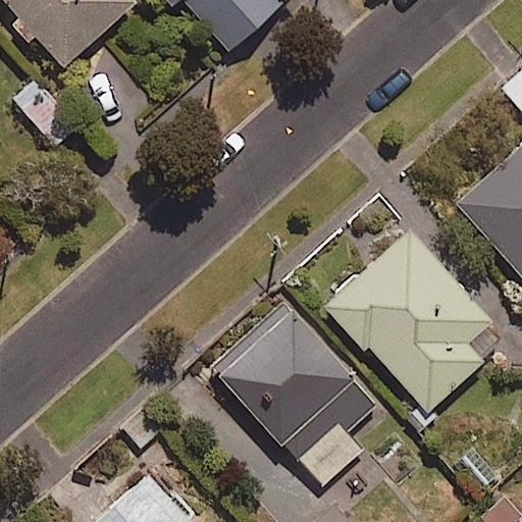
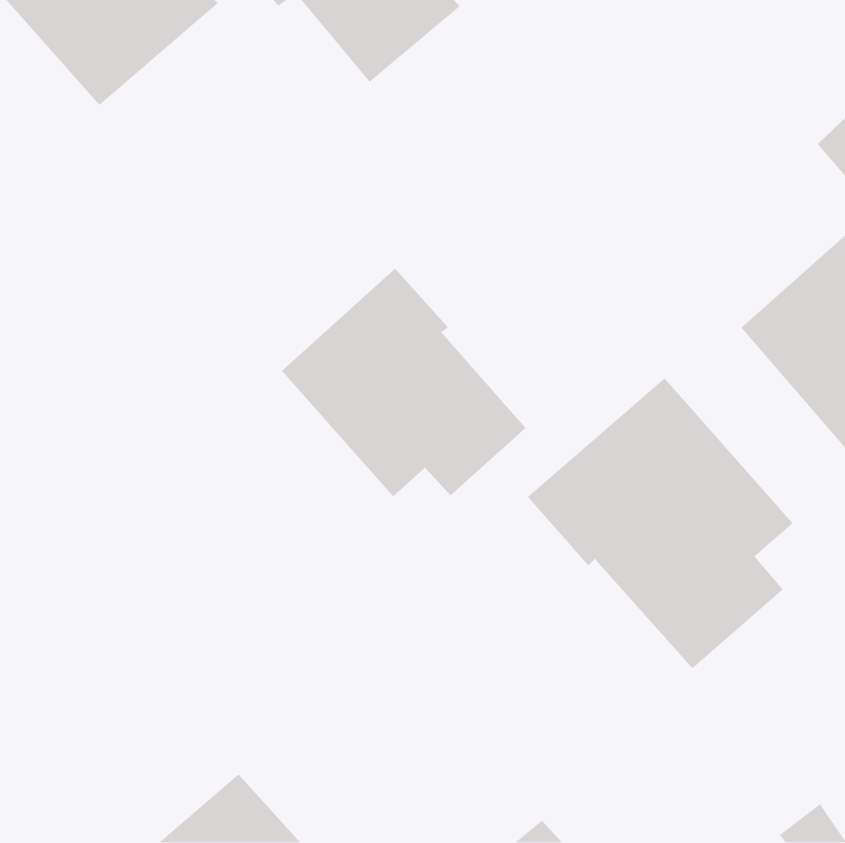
building: none -> [281,268,526,497]
building: [215,308,375,486] -> none

